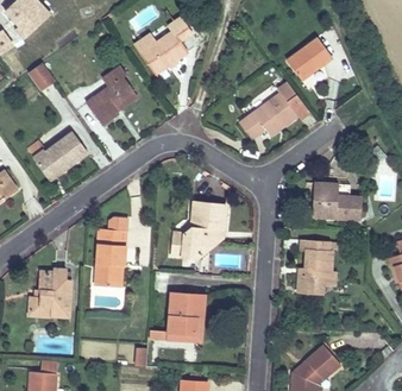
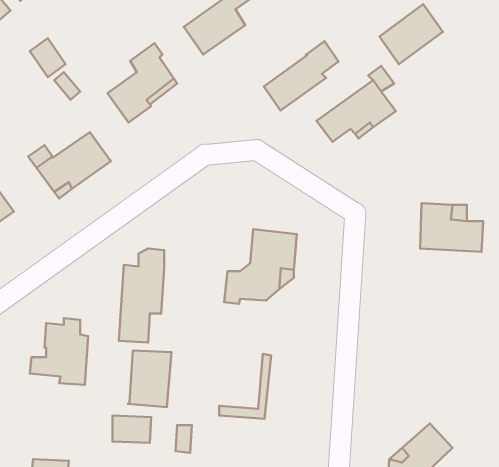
building: none -> [264,41,338,110]
building: [297,240,337,295] -> none
building: [168,294,200,335] -> [128,351,172,407]

